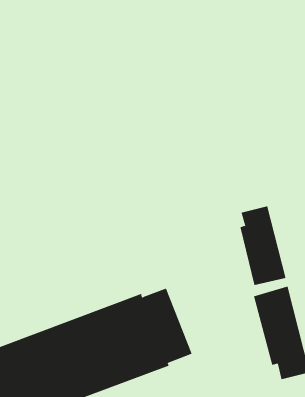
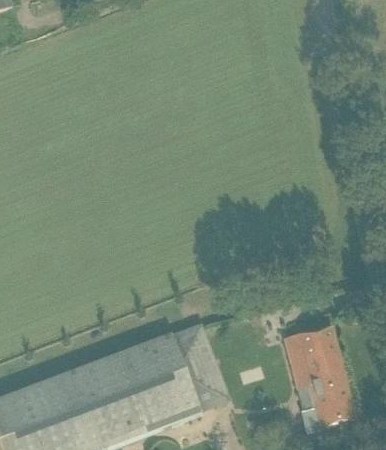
building: [240,205,286,286] -> none

